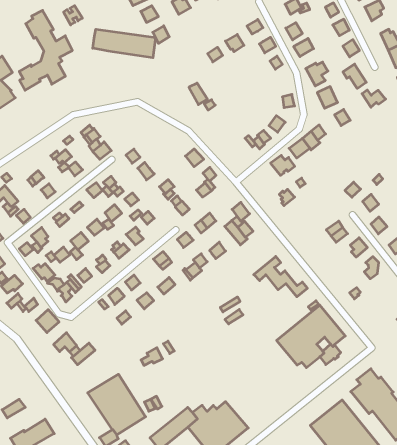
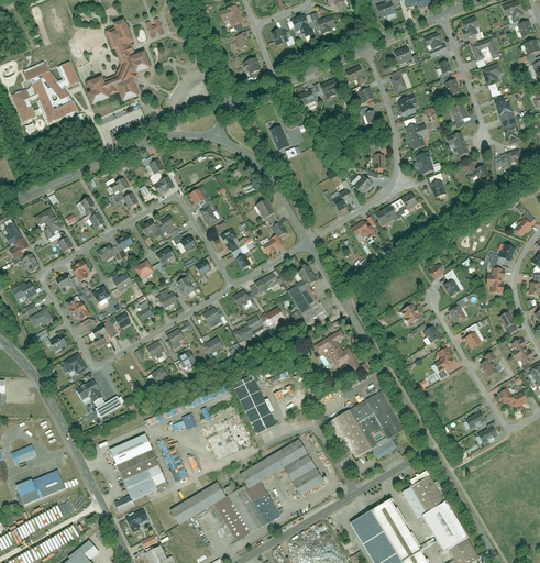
building: [93,29,156,58] -> none
building: none -> [231,377,276,437]
building: none -> [240,441,324,498]

